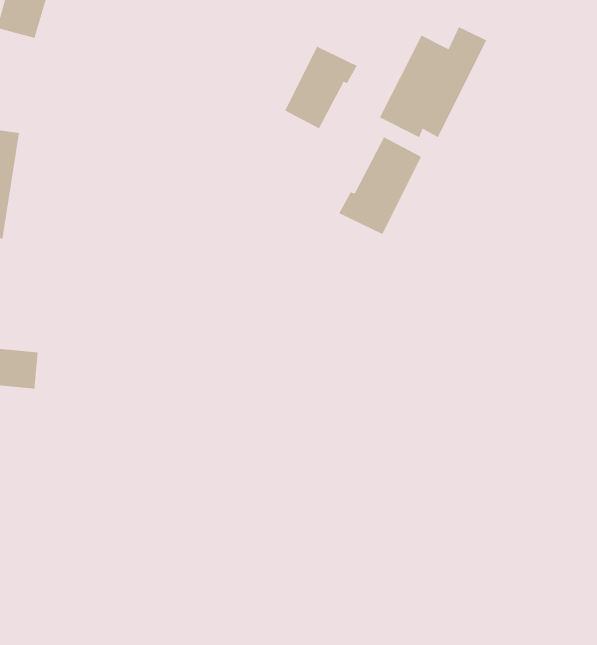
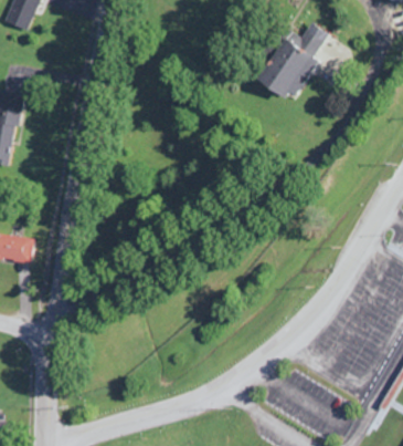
building: [284,46,358,129] -> none
building: [338,136,422,235] -> none

